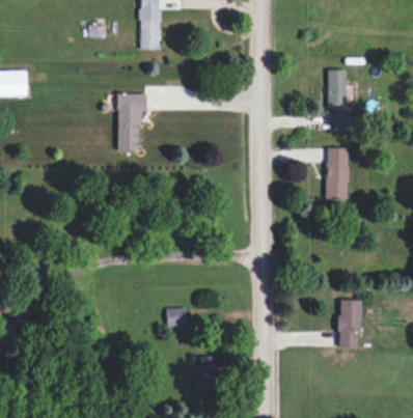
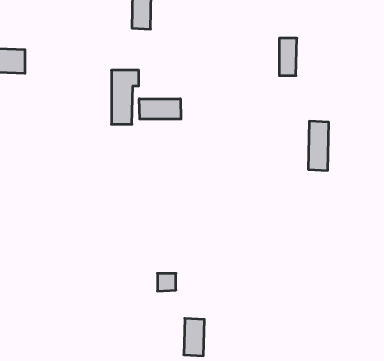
building: [328,69,347,109] -> [279,38,297,76]
building: none -> [139,99,181,119]
building: [339,300,361,347] -> none

